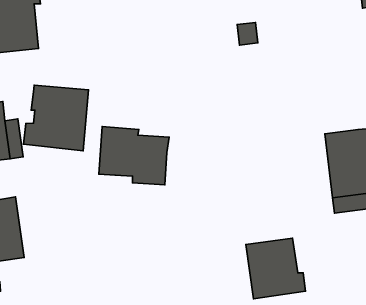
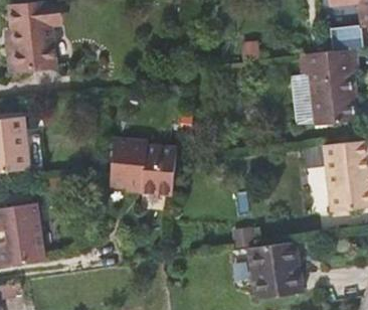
building: none -> [297,48,357,128]
building: [24,85,89,151] -> none

